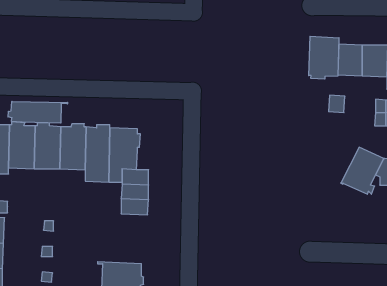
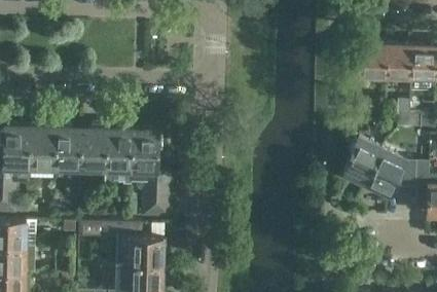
building: [309,36,339,79] -> none
building: [8,101,68,123] -> none
building: none -> [341,138,381,185]
building: none -> [77,224,166,266]

